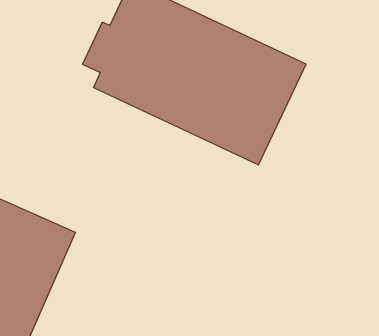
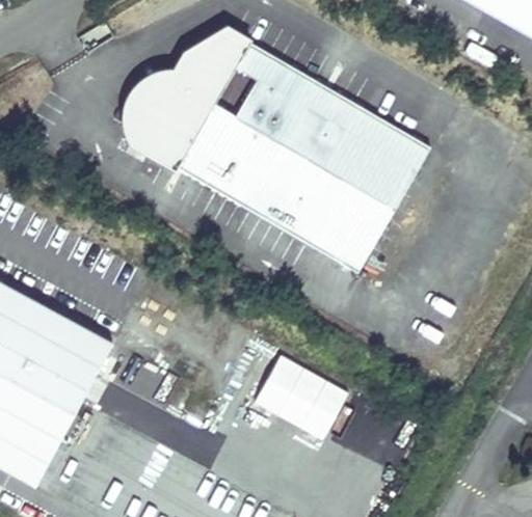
building: none -> [124,71,171,154]
building: none -> [252,356,348,439]

